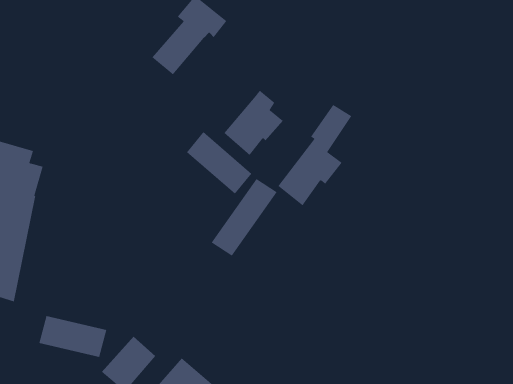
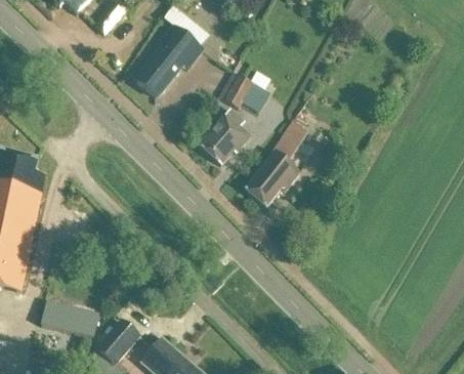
building: none -> [217,72,269,112]
building: [186,131,252,195] -> none
building: [211,178,277,257] -> none

